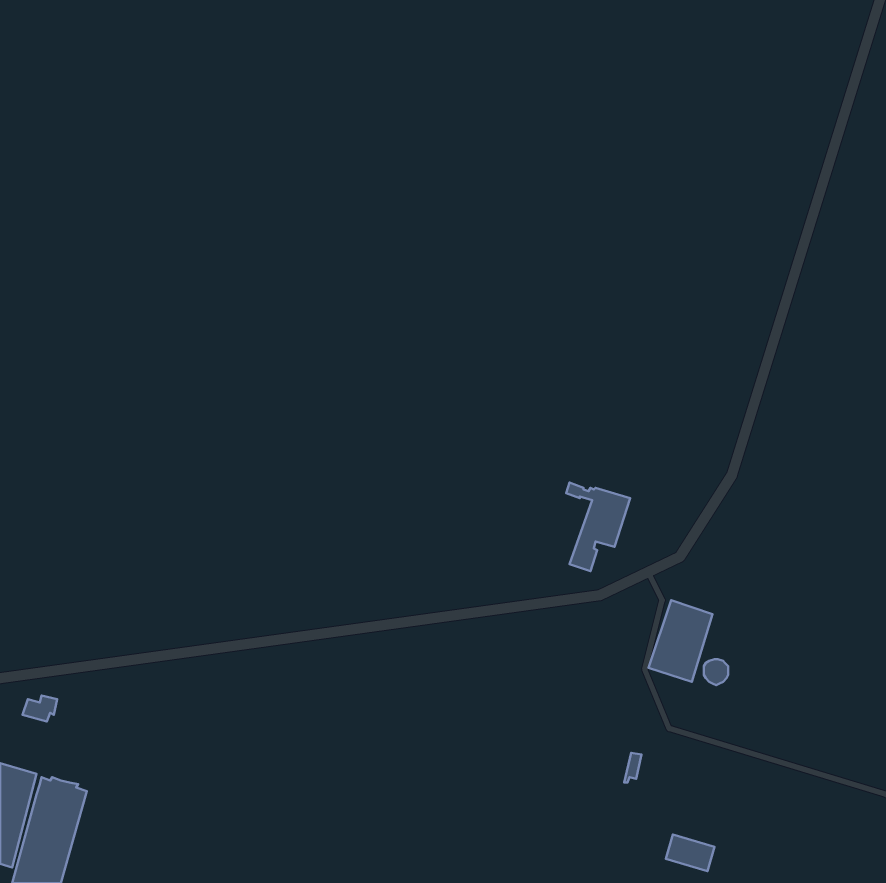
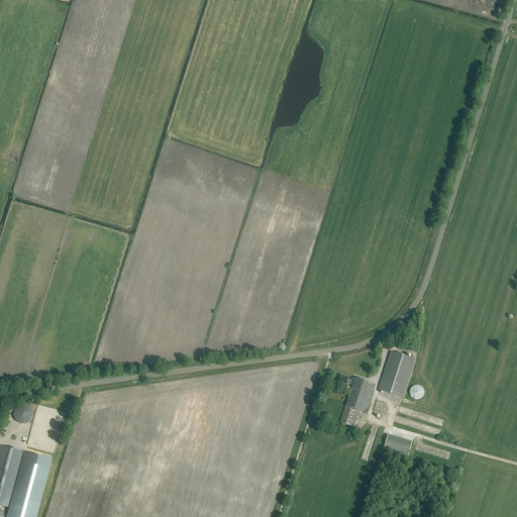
building: [566,483,630,571] -> [338,374,376,425]
building: [666,835,714,871] -> [384,433,412,454]

